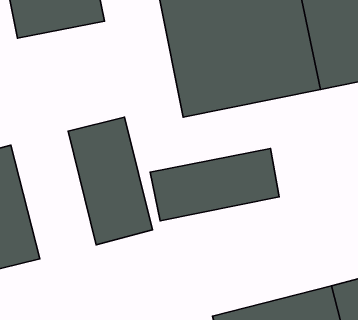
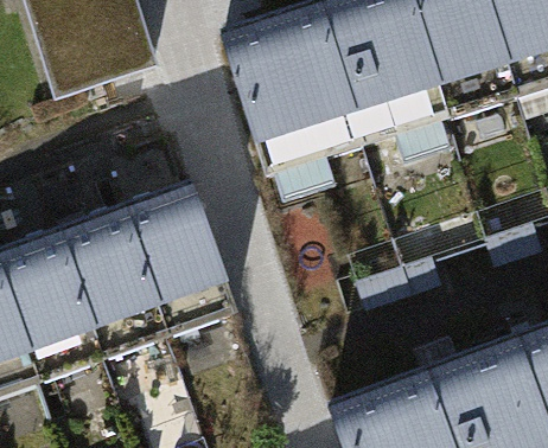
building: none -> [59,200,174,358]
building: [150,148,279,221] -> none

